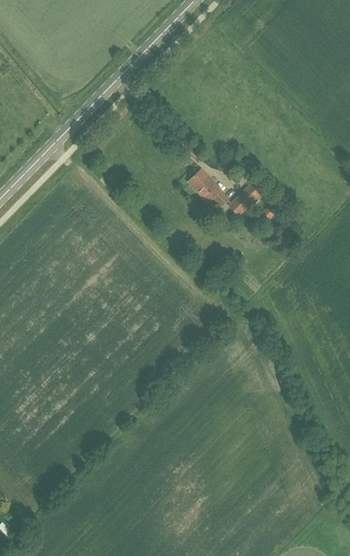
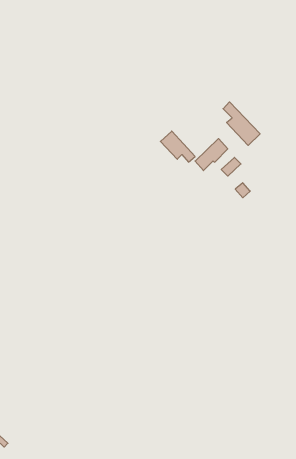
building: none -> [223,102,260,145]

